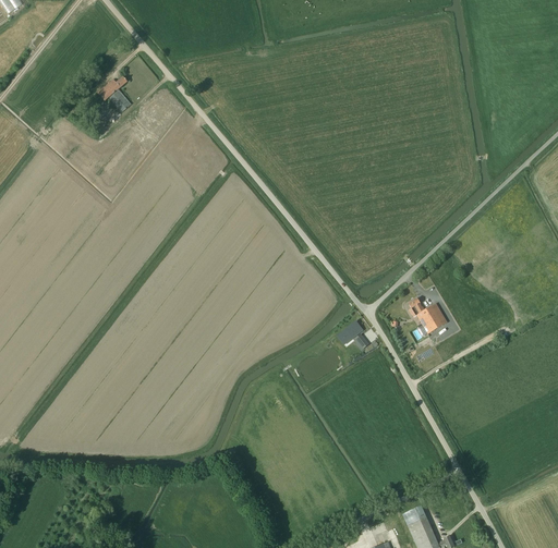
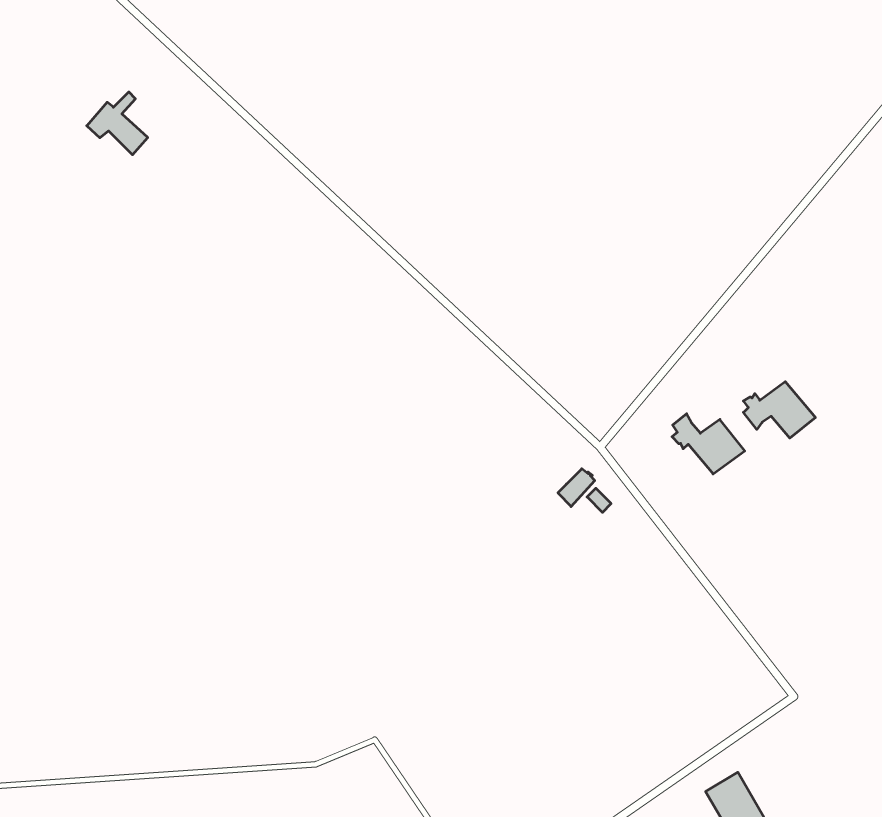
building: none -> [743,382,815,438]

